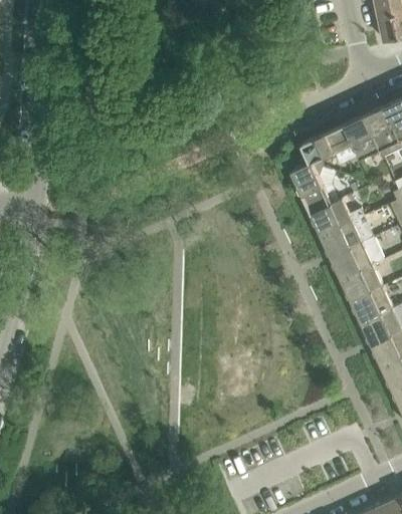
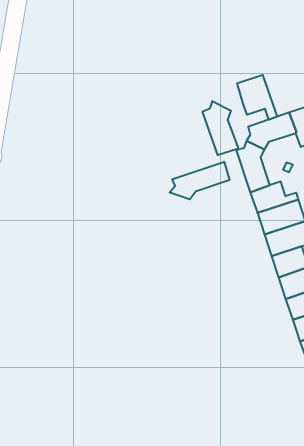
building: none -> [237,75,277,120]
building: none -> [203,101,238,155]
building: none -> [170,162,230,199]

